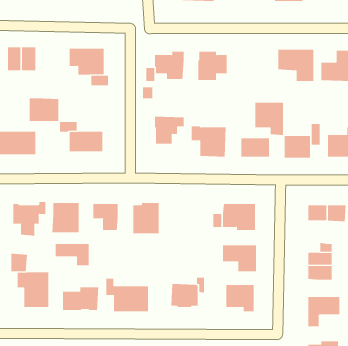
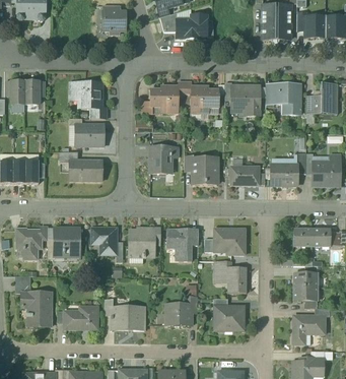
building: [29,98,59,122] -> [75,123,103,145]
building: [255,102,284,136] -> [231,83,259,115]
building: none -> [166,227,192,260]
building: [55,243,89,266] -> none

